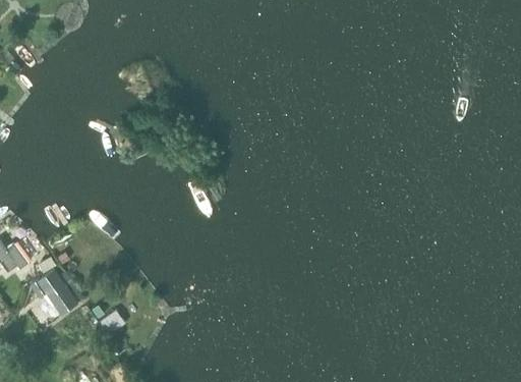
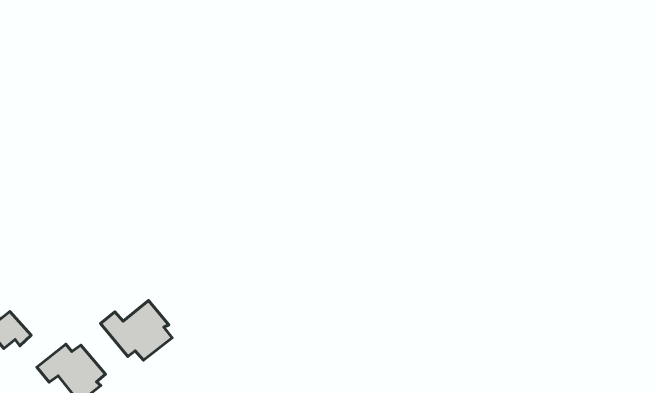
building: none -> [100,301,172,360]

